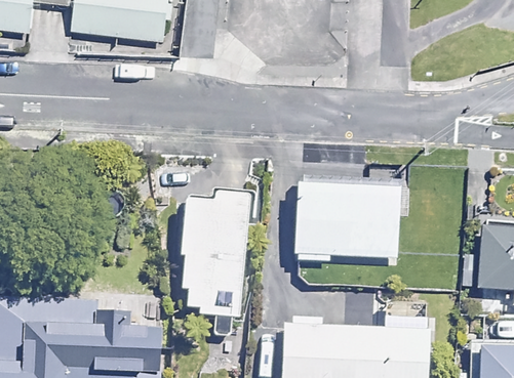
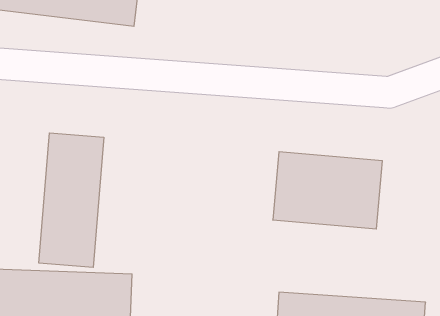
building: none -> [39,133,104,267]
building: [171,186,245,323] -> none

